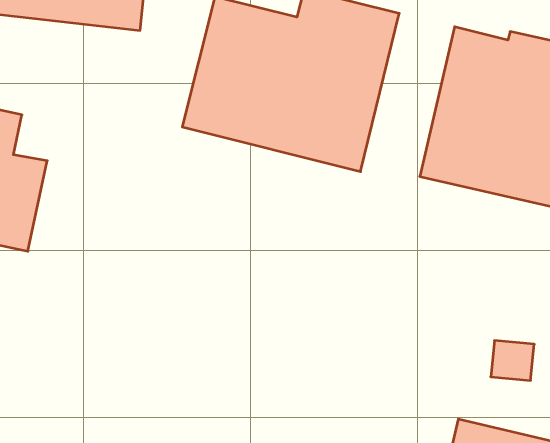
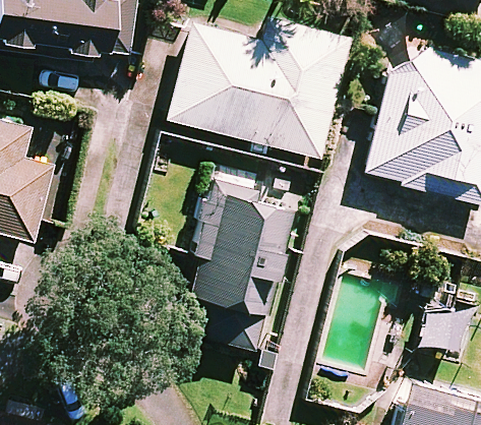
building: none -> [189,184,296,353]

